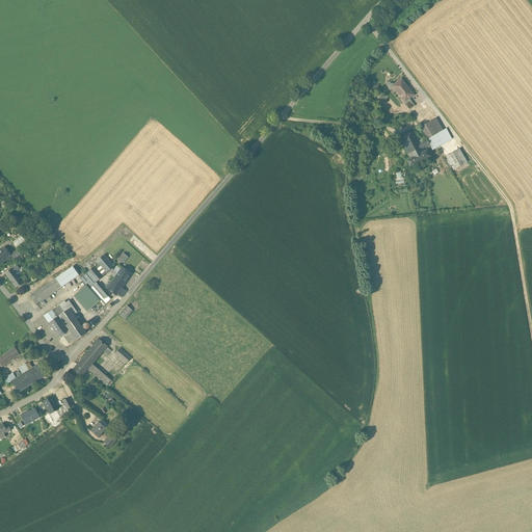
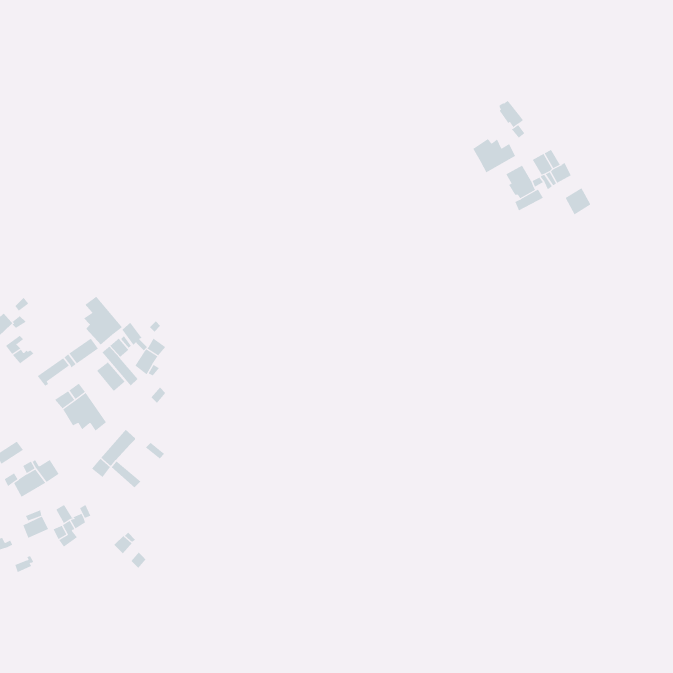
building: none -> [472,138,516,173]
building: none -> [83,296,123,345]

